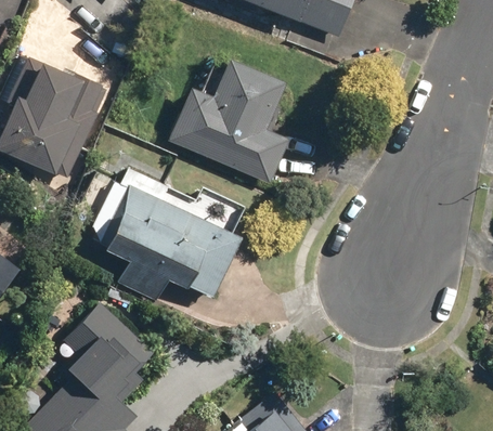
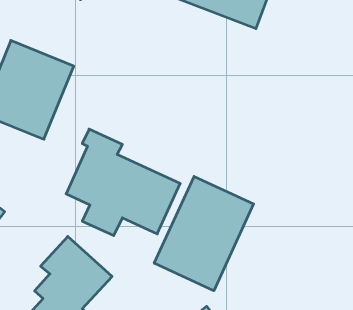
building: [166,56,289,184] -> none
building: none -> [154,176,254,291]

